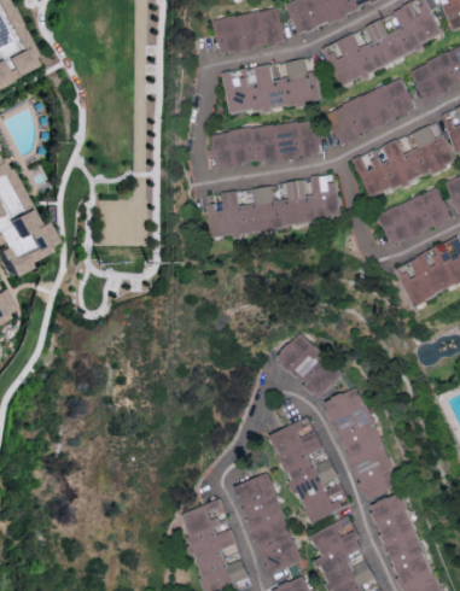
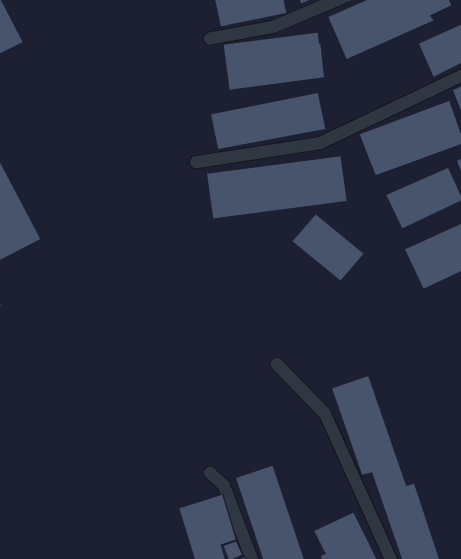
building: [327,78,417,145] -> none
building: [274,333,344,398] -> [291,213,365,282]
building: [269,417,349,523] -> none

